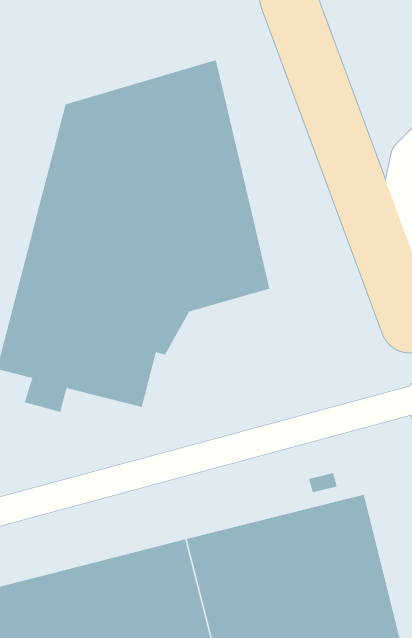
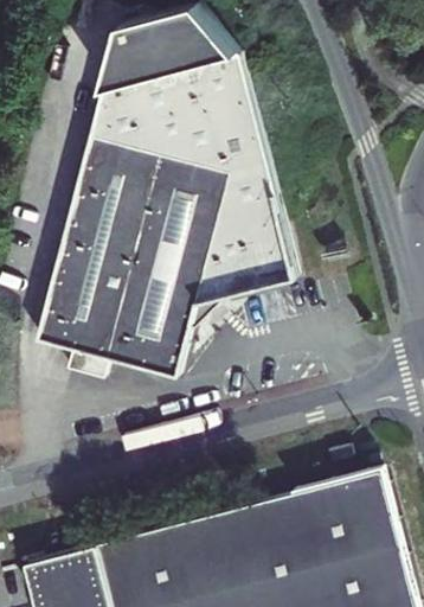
building: none -> [99,14,240,103]

